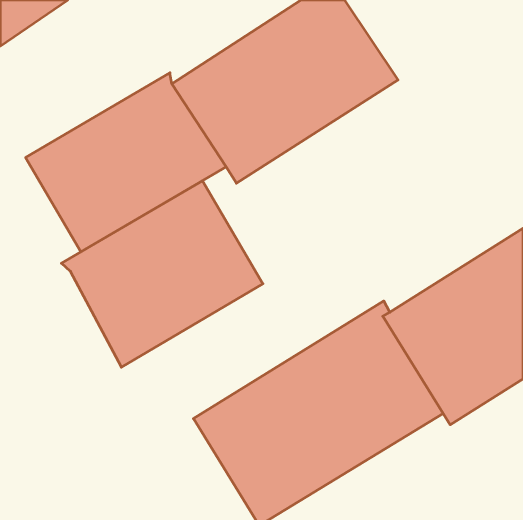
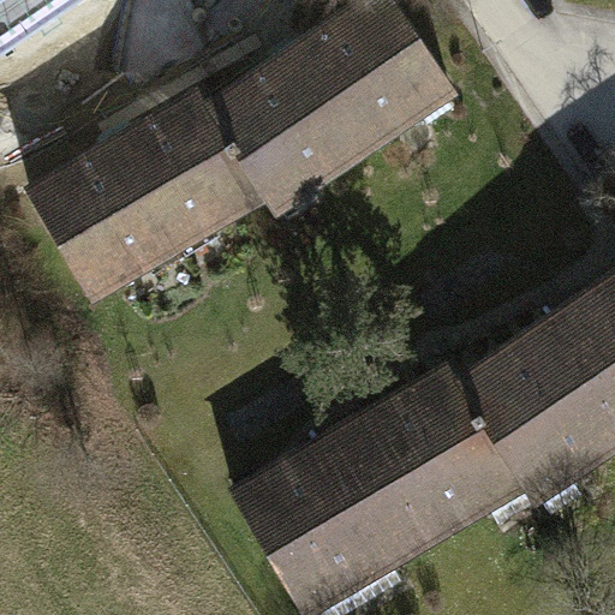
building: [61,181,263,367] -> none

